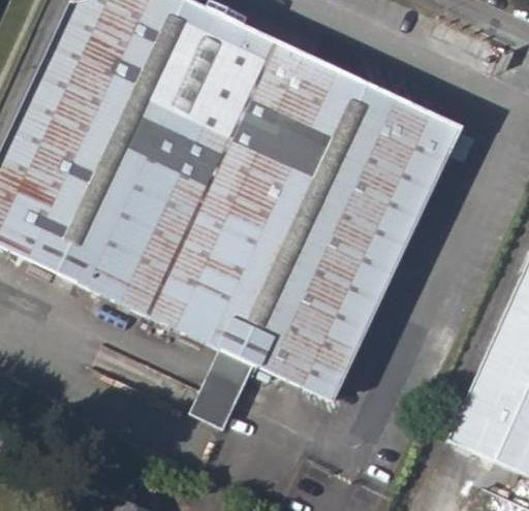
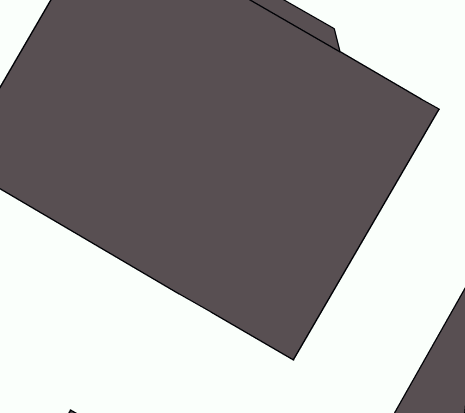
building: [180,345,249,432] -> none

